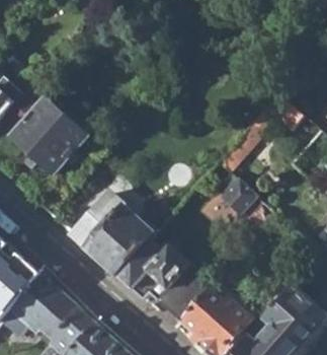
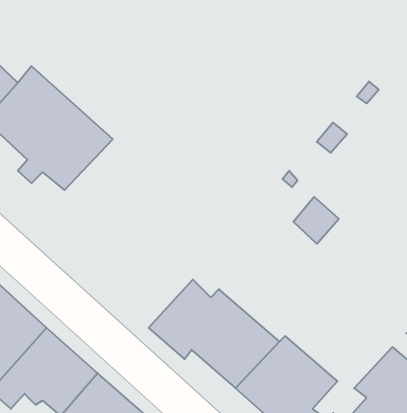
building: [72,193,155,276] -> none

